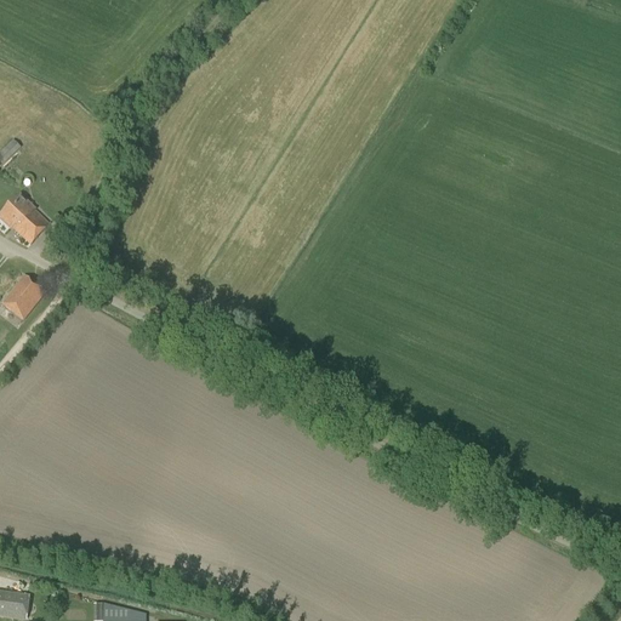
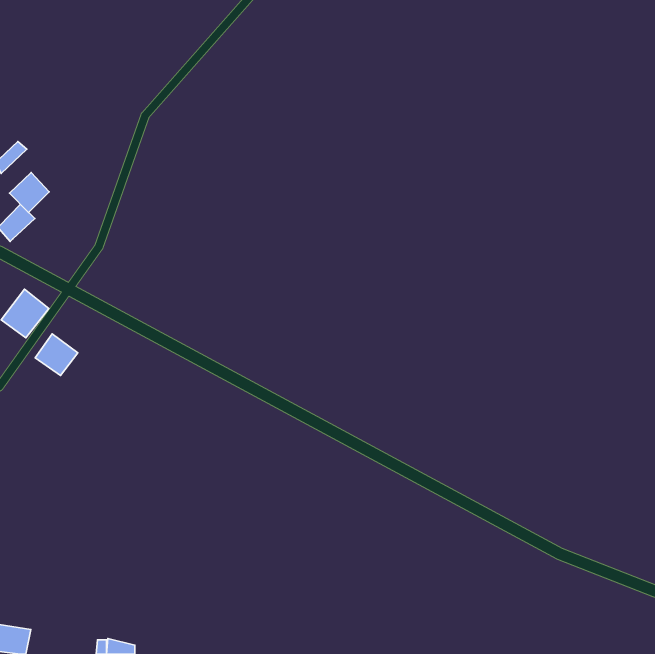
building: [12,206,50,244] -> [9,173,49,212]
building: none -> [35,334,78,376]

